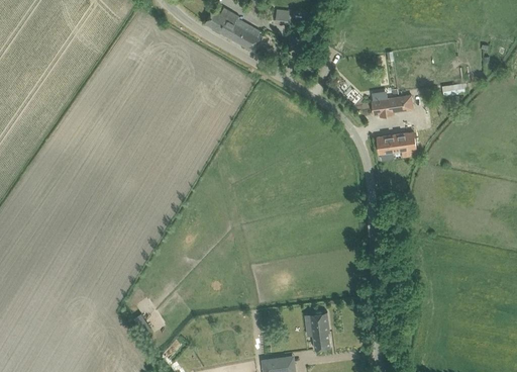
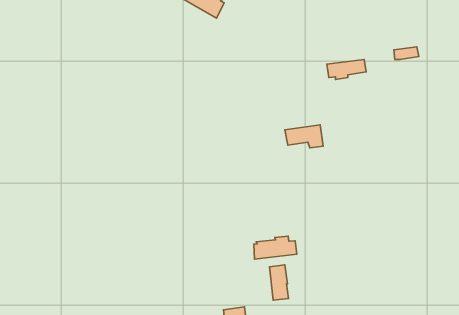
building: [376,131,416,156] -> [285,125,323,148]
building: none -> [254,236,297,259]

